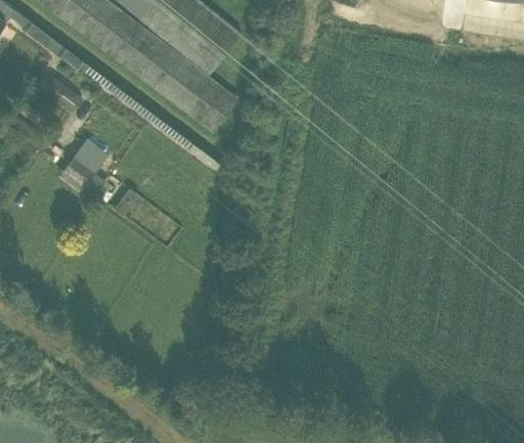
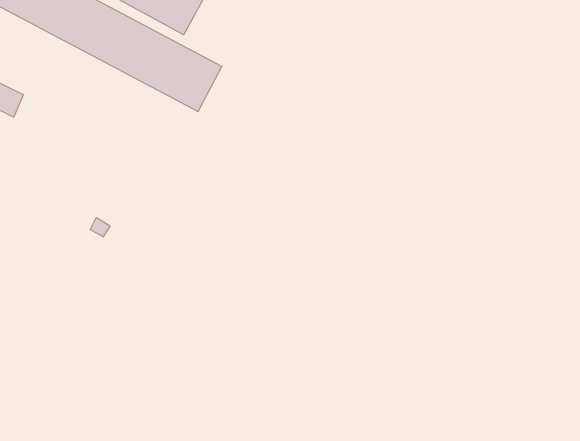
building: [58,141,104,190] -> none

